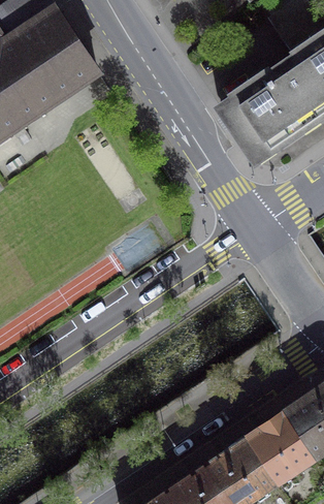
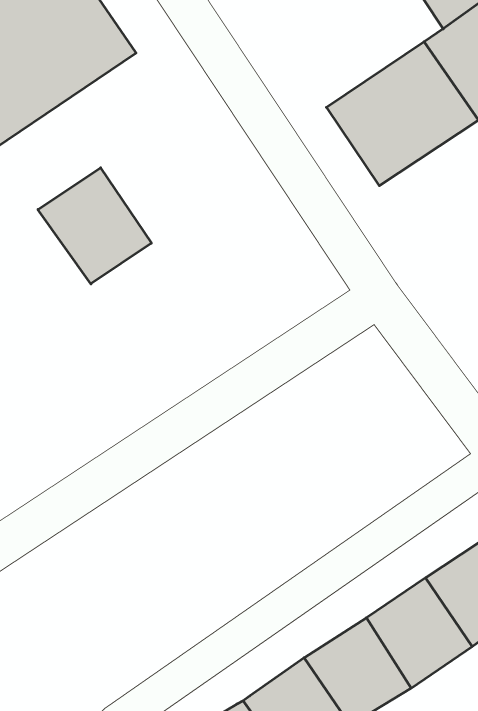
building: none -> [38,168,151,284]

